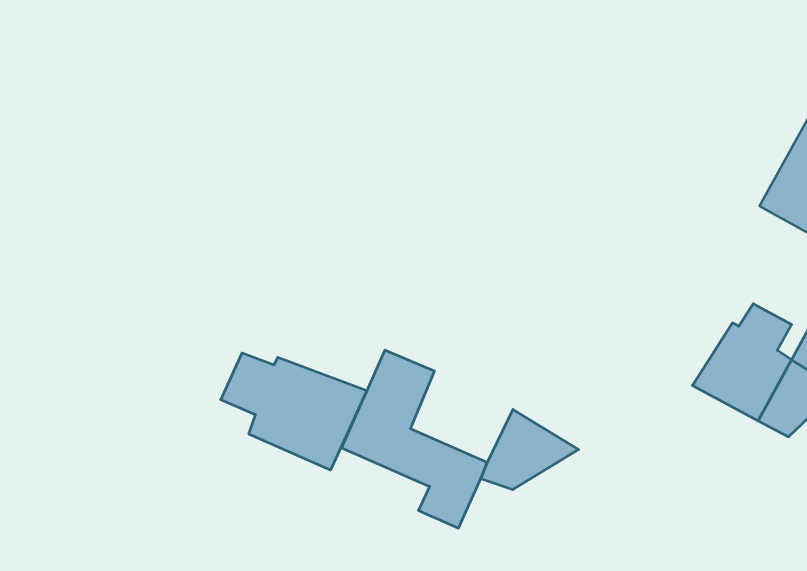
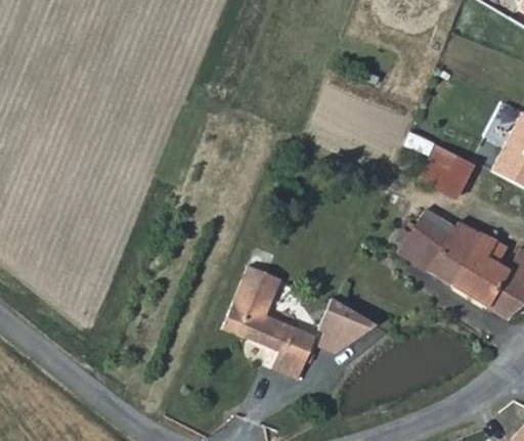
building: none -> [421,145,475,199]
building: none -> [400,210,486,285]
building: [221,353,367,470] -> none

